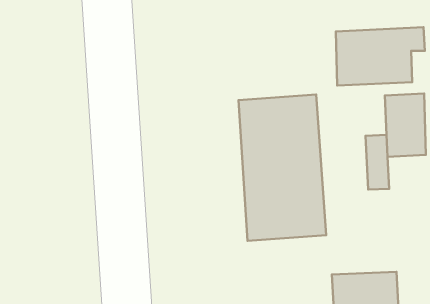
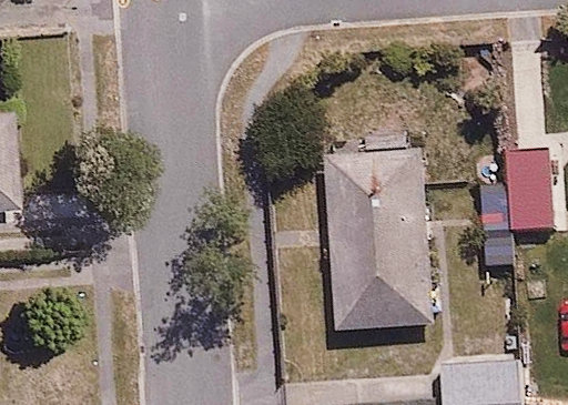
building: [336,27,425,86] -> none

